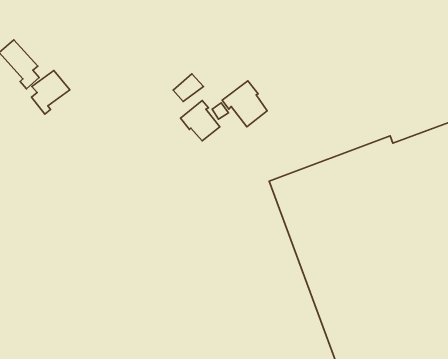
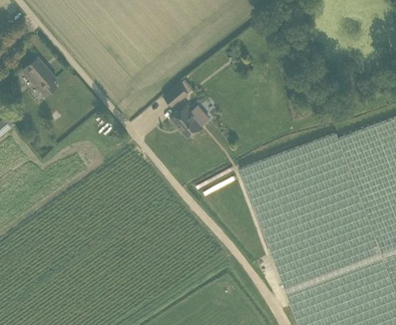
building: [31,71,70,114] -> none
building: [222,81,267,127] -> none

